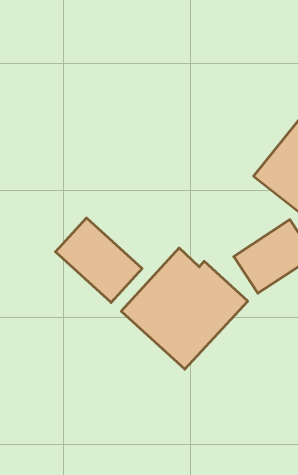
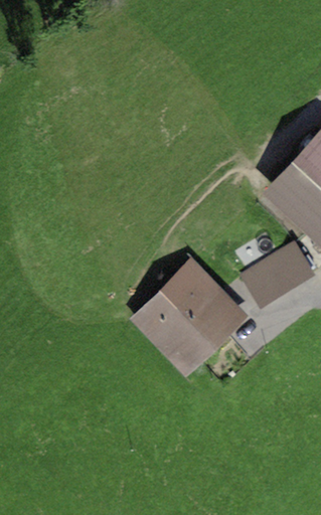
building: [55,218,142,303] -> none

